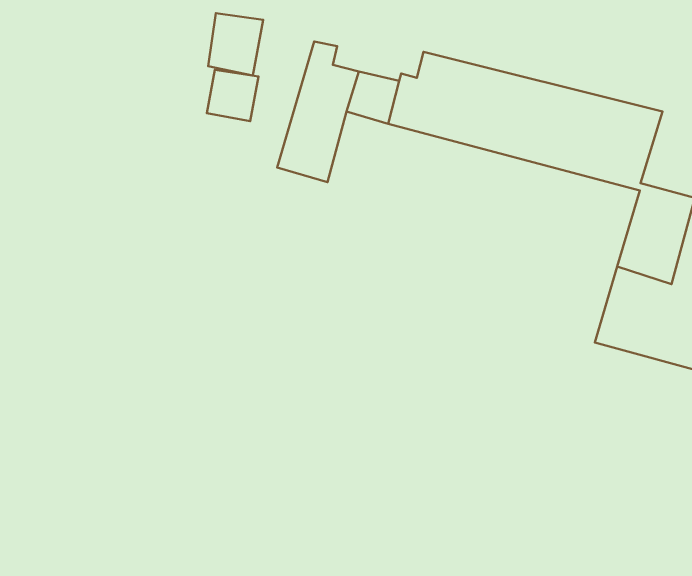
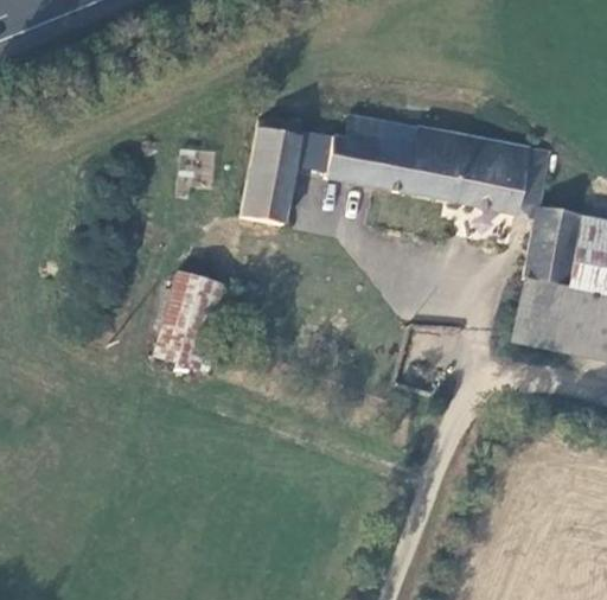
building: [208,13,263,76] -> none
building: none -> [154,270,224,371]

